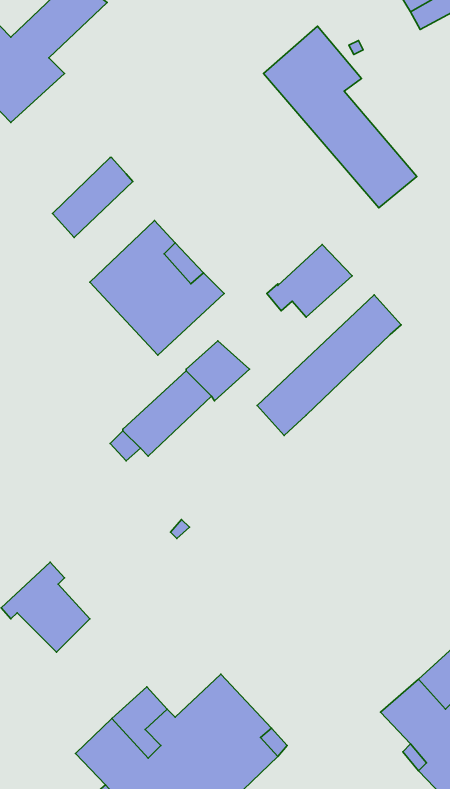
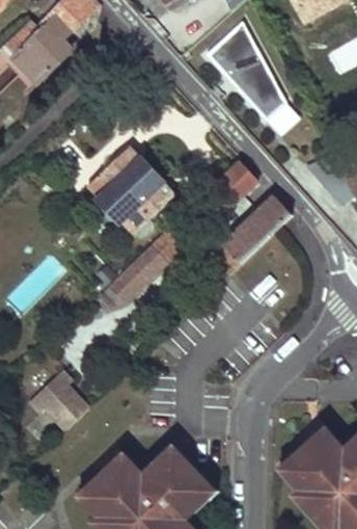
building: [53,158,133,237] -> none

